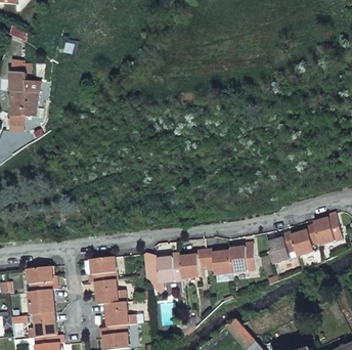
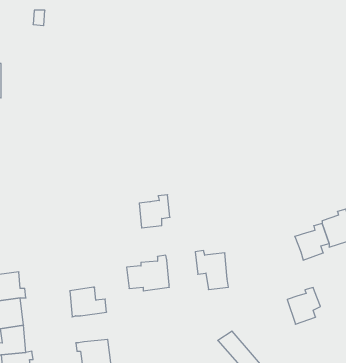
building: [265,232,294,264] -> [287,288,320,324]
building: [228,242,254,272] -> none
building: [178,249,205,277] -> [139,195,170,228]
building: [87,257,115,282] -> none
building: [103,301,136,326] -> none

